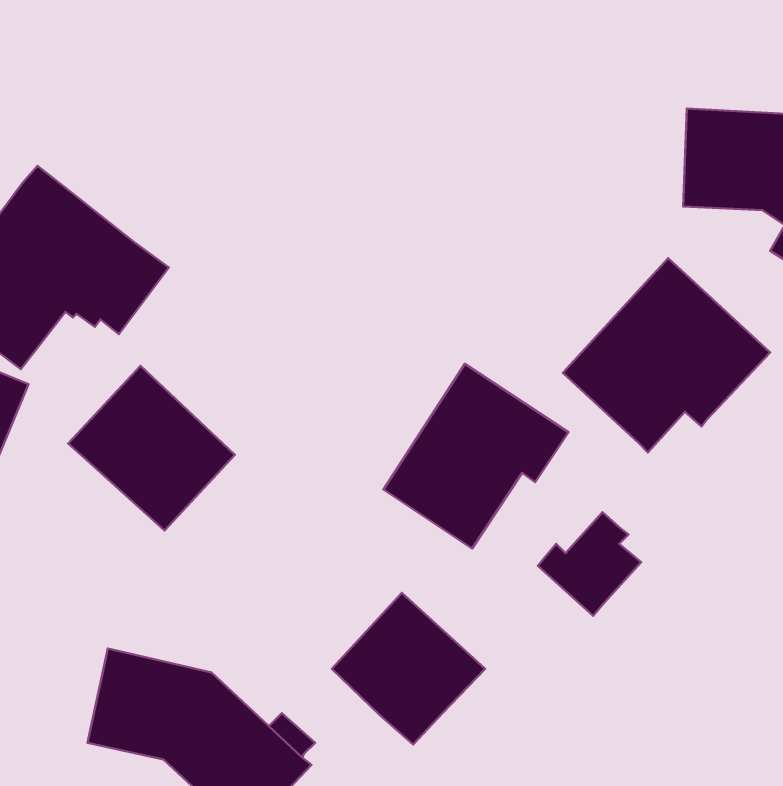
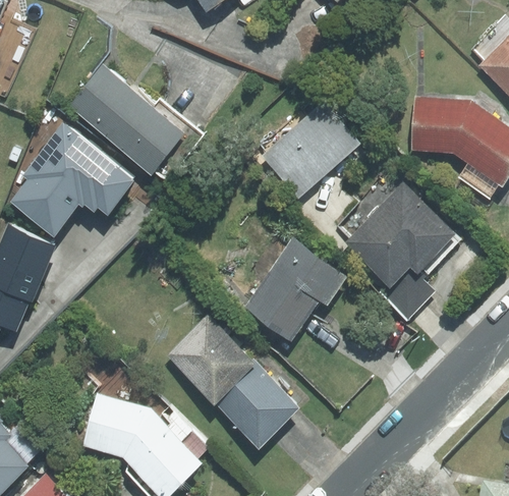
building: none -> [69,63,189,172]
building: none -> [262,100,362,198]
building: [68,366,235,531] -> [165,315,257,405]
building: [538,512,641,616] -> [377,264,434,321]

